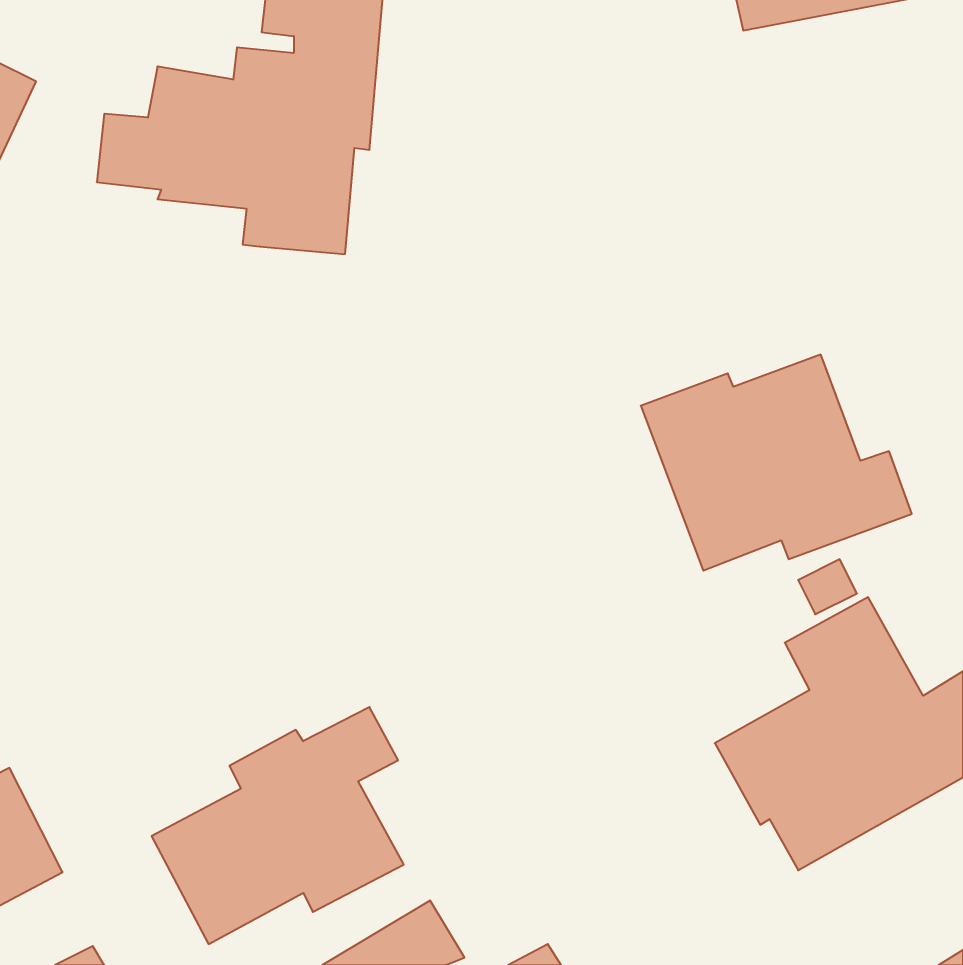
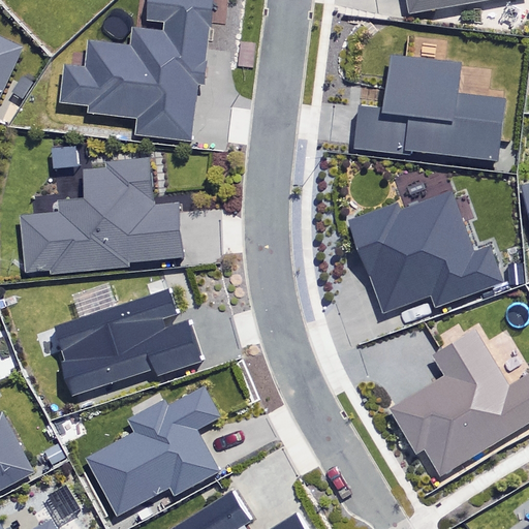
building: none -> [359,58,502,159]
building: none -> [22,162,186,275]
building: none -> [57,297,204,395]

